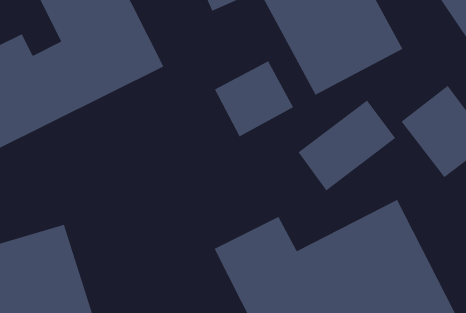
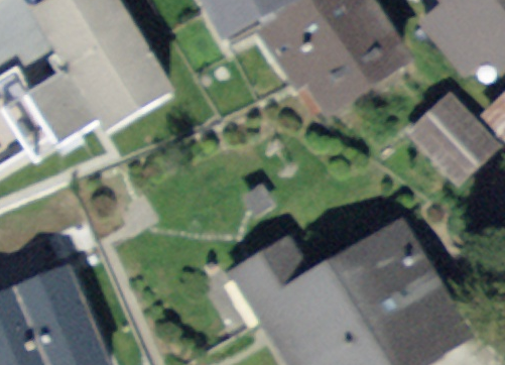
building: [214,60,294,138] -> none
building: [297,100,396,192] -> none

